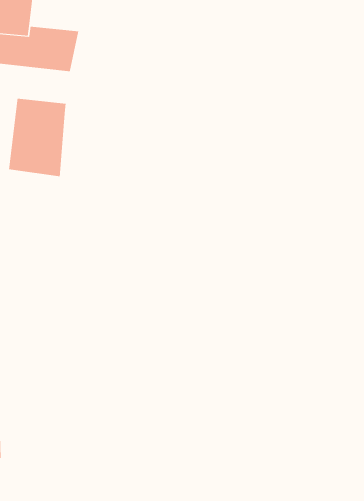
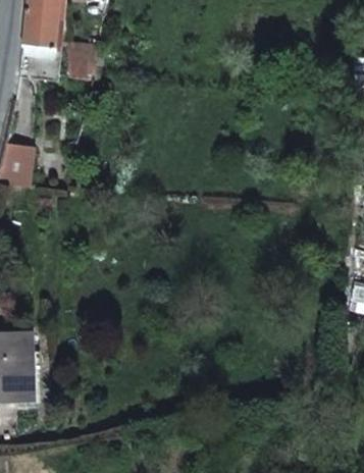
building: [9,98,66,177] -> none

